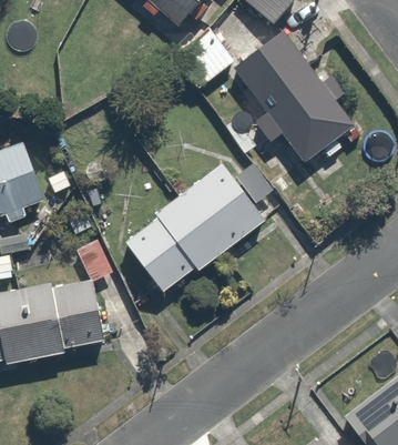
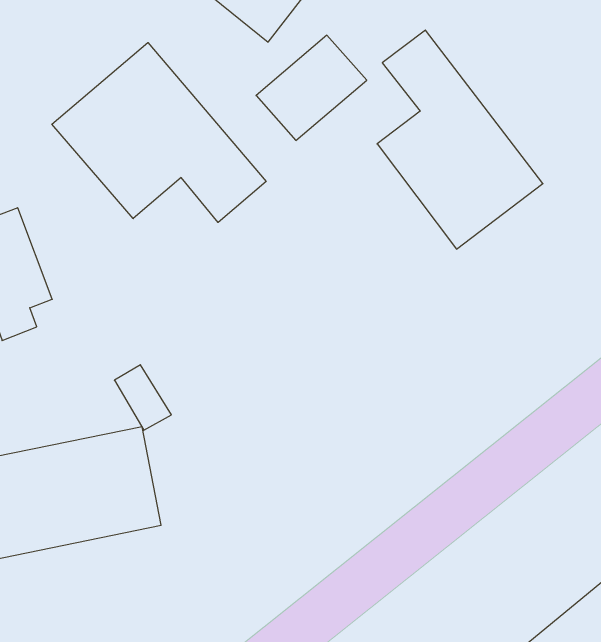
building: none -> [52,43,266,222]
building: [125,163,262,291] -> none

